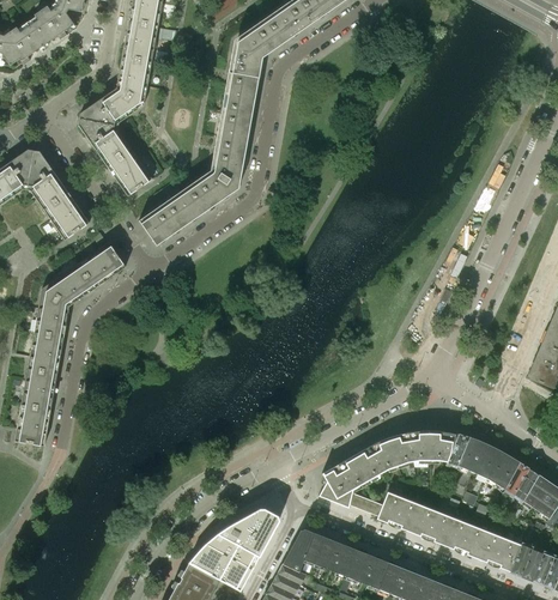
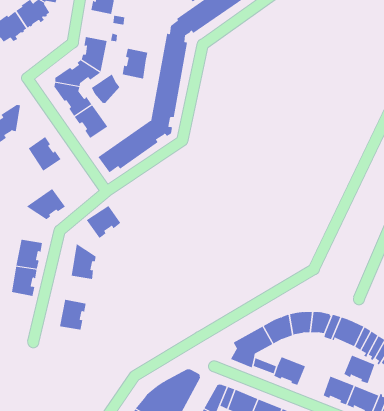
building: [122,22,158,63] -> [122,48,148,79]
building: none -> [91,73,120,104]
building: [29,151,68,210] -> none
building: [78,243,126,289] -> [86,205,121,239]
building: [35,289,69,338] -> [71,243,96,279]
building: [14,405,51,447] -> [59,299,87,330]
building: [411,505,454,545] -> [343,355,375,384]

